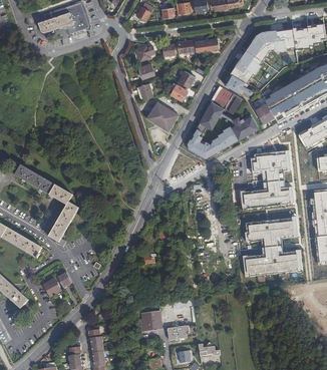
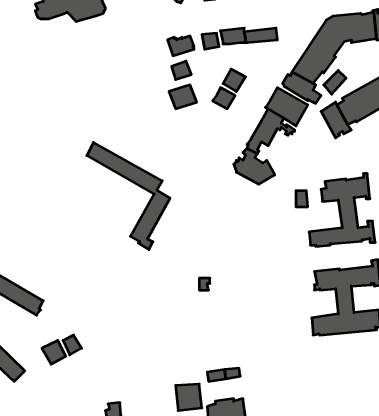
building: [147,102,178,130] -> none
building: [211,113,259,151] -> none
building: [15,164,78,246] -> [87,142,170,250]

